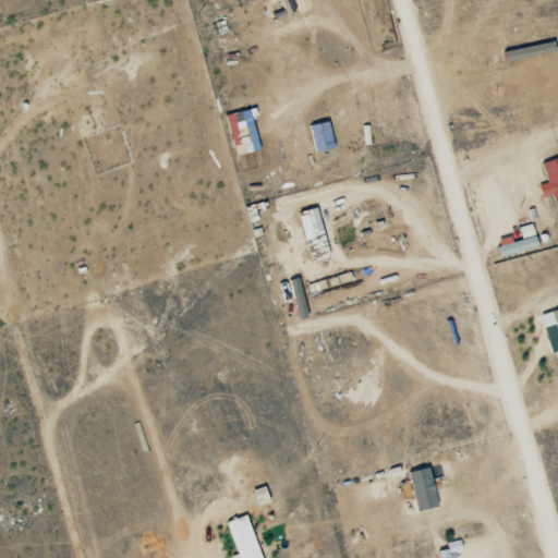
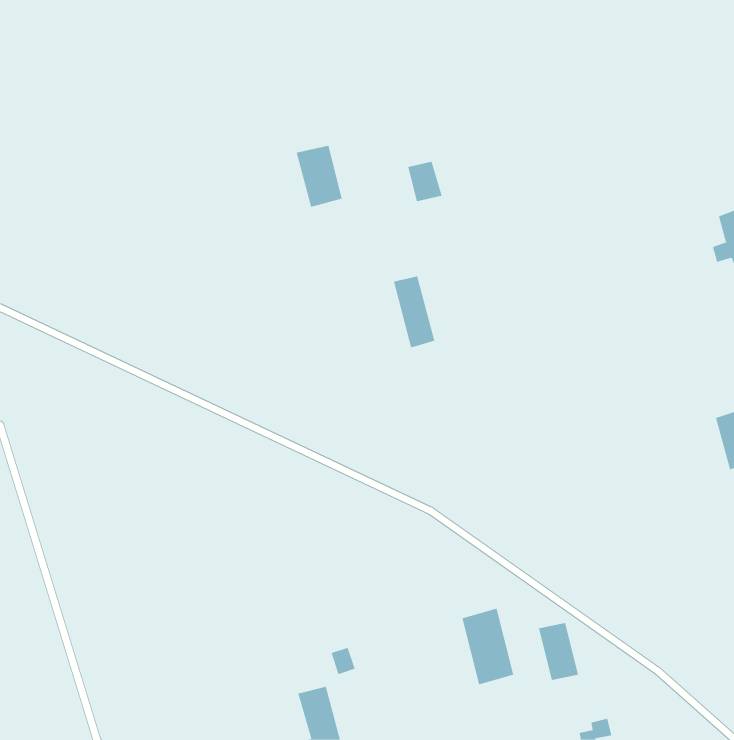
building: none -> [462,608,514,685]

